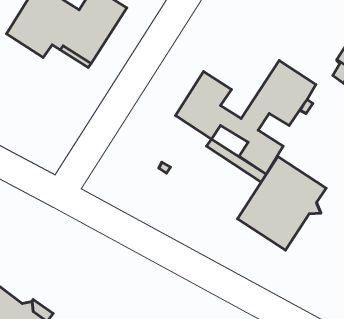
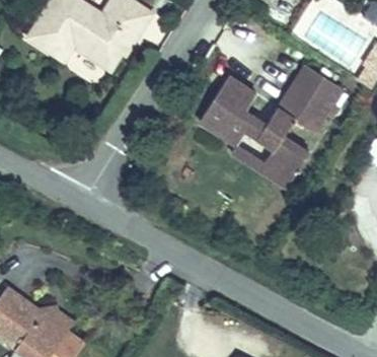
building: [237,157,326,250] -> none

